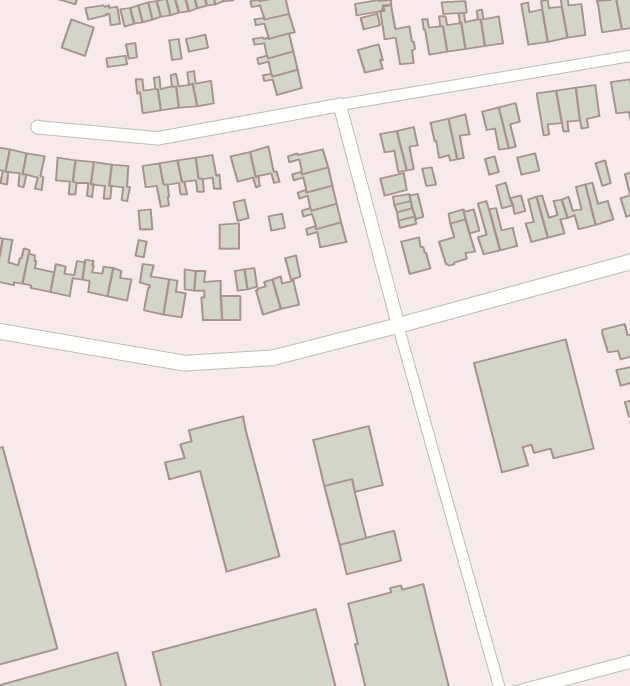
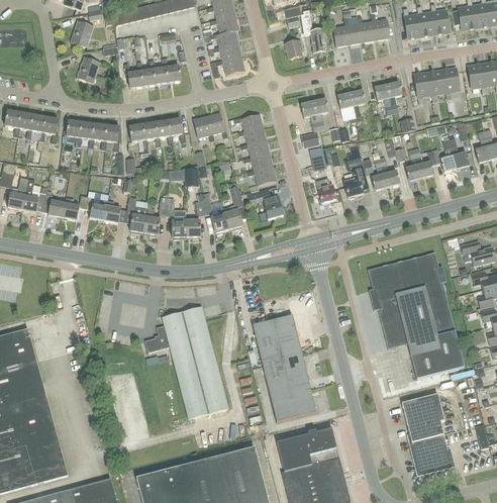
building: none -> [76,57,100,83]
building: none -> [255,192,284,218]
building: none -> [403,327,464,378]
building: none -> [282,357,310,395]
building: none -> [401,393,451,472]

